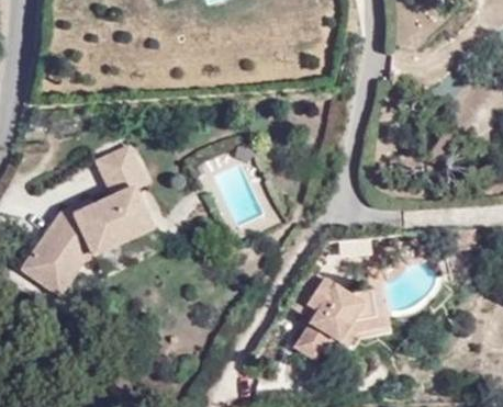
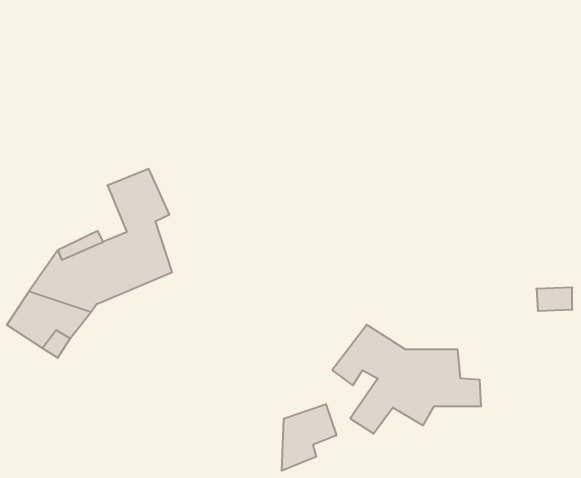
building: none -> [282,404,336,471]

